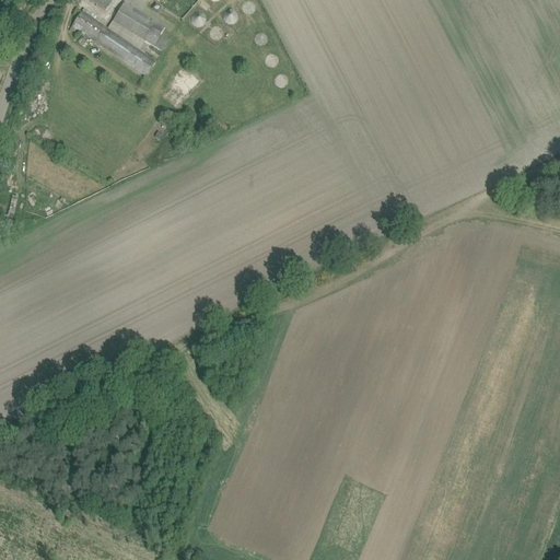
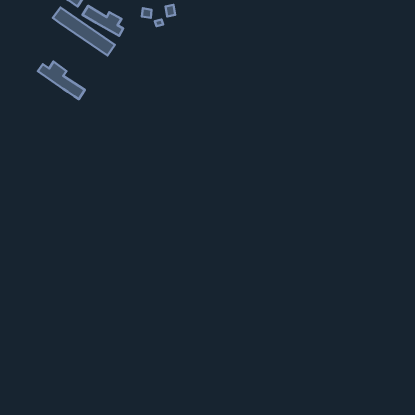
building: none -> [38,62,85,99]

